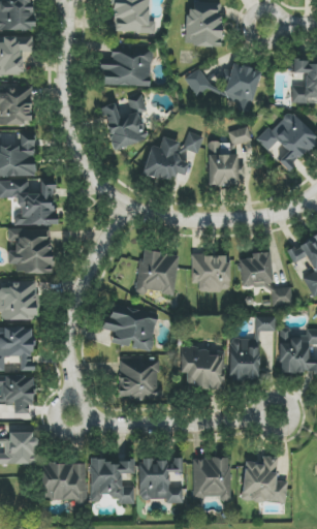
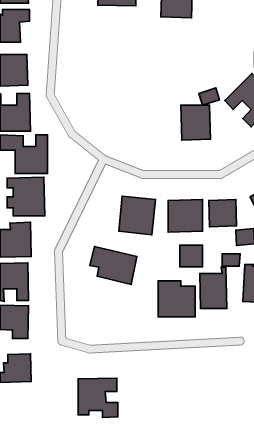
building: [99,50,152,86] -> none
building: [185,63,260,112] -> none
building: [100,94,153,150] -> none
building: [144,131,203,182] -> none
building: none -> [180,245,203,267]
building: [119,356,164,402] -> none
building: [242,456,287,503] -> none
building: [192,458,234,502] -> none
building: [138,459,184,503] -> none
building: [41,463,87,506] -> none

